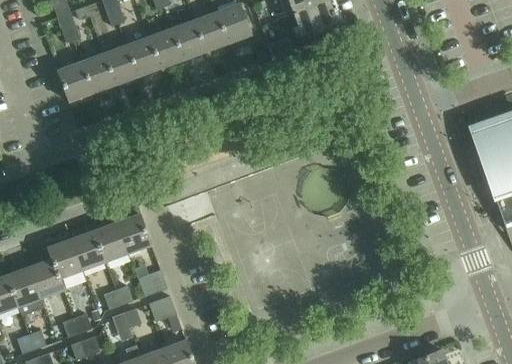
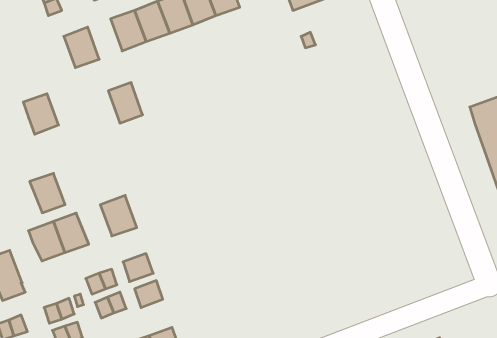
building: [104,44,137,83] -> [108,83,143,123]
building: [58,61,92,100] -> [23,94,59,134]
building: [93,223,127,261] -> [30,173,65,213]
building: [29,259,64,298] -> none

